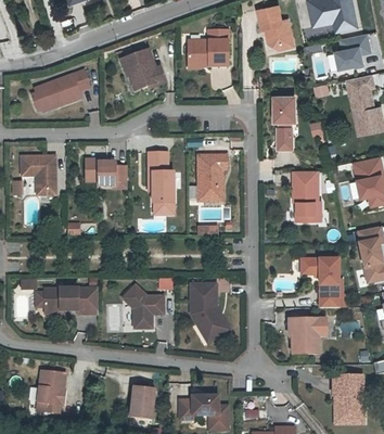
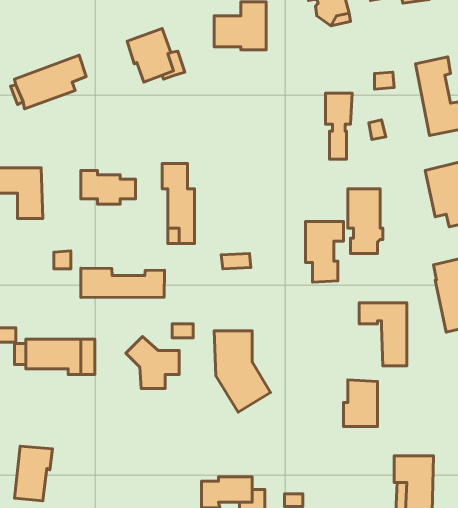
building: [334,33,372,71] -> none
building: [199,156,228,203] -> [306,222,344,282]
building: none -> [81,268,165,297]
building: [128,383,153,414] -> none

